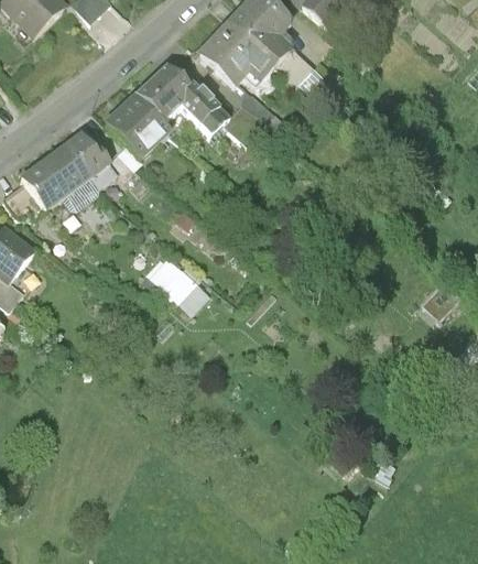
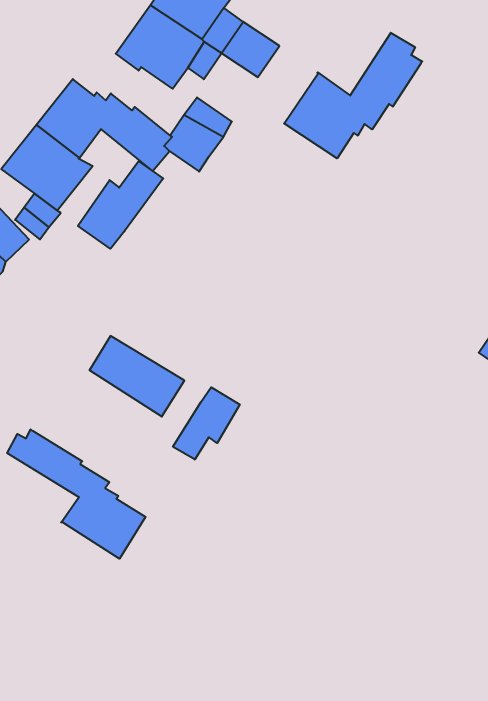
building: none -> [284,33,422,158]
building: none -> [78,161,163,249]
building: none -> [173,387,240,460]
building: none -> [7,429,146,559]

